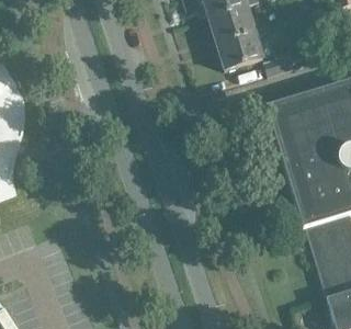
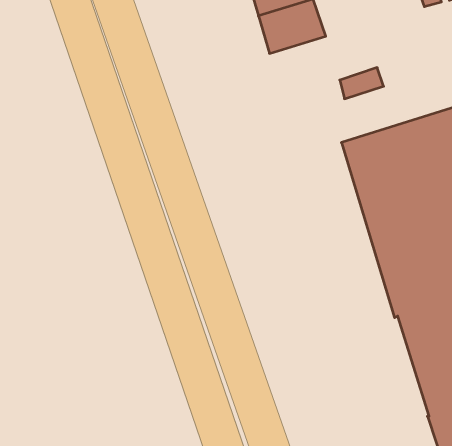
building: [216,29,263,67] -> none

